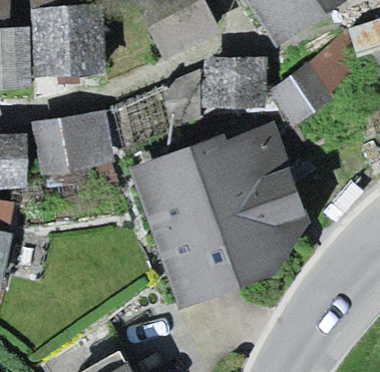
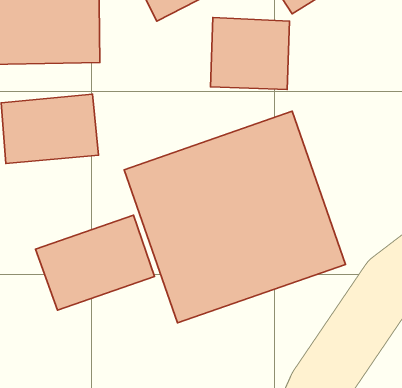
building: none -> [35,215,154,310]

